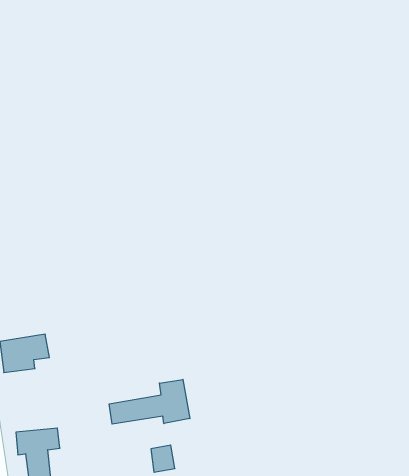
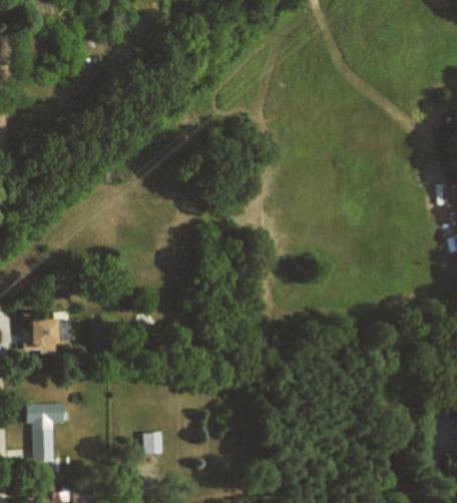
building: [109,379,190,424] -> none

